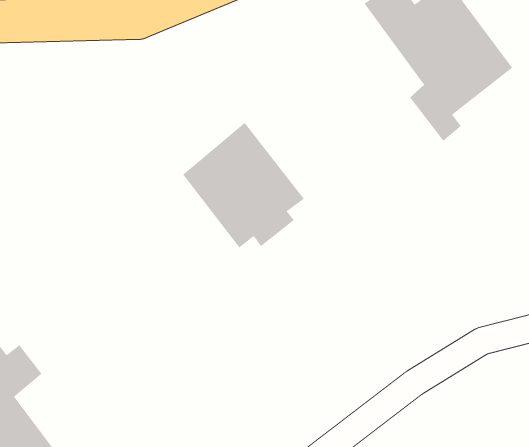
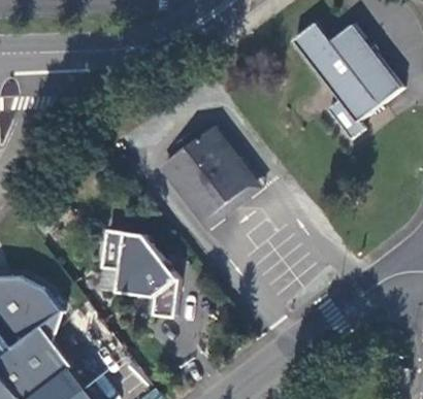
building: none -> [100,227,177,315]

